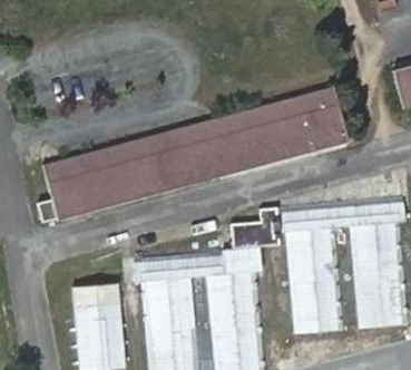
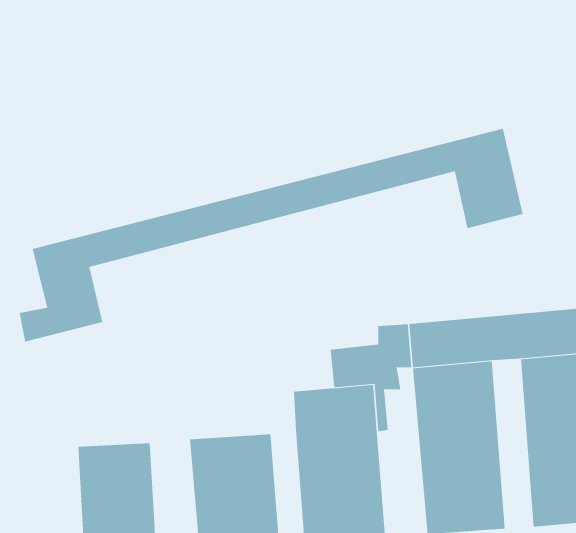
building: [84,114,313,205] -> none
building: [136,247,208,278] -> none

